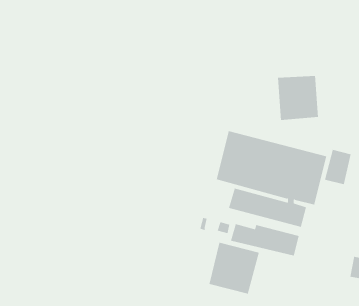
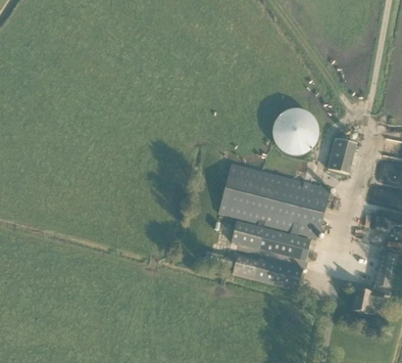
building: [324,149,352,185] -> [326,139,354,175]
building: [209,242,260,295] -> none

